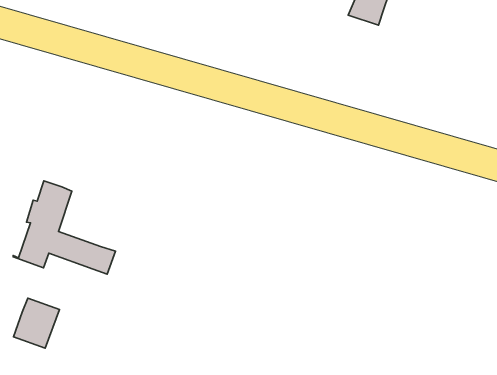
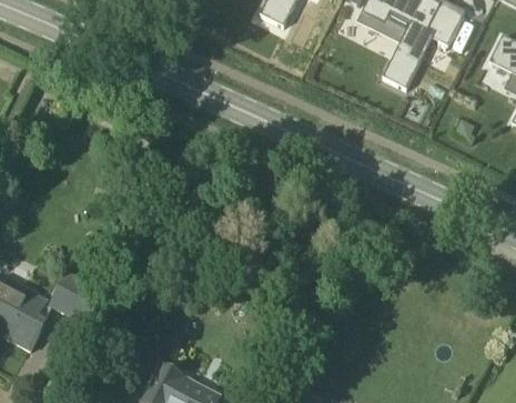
building: [13,181,115,274] -> none

